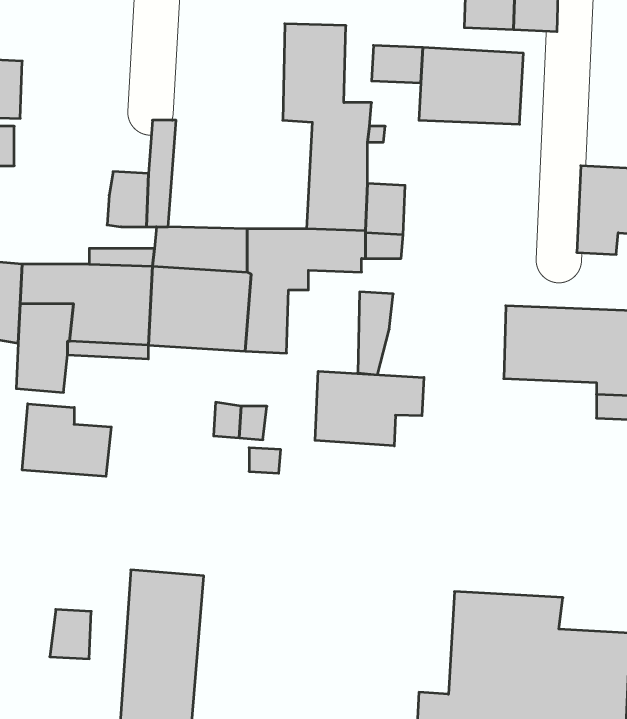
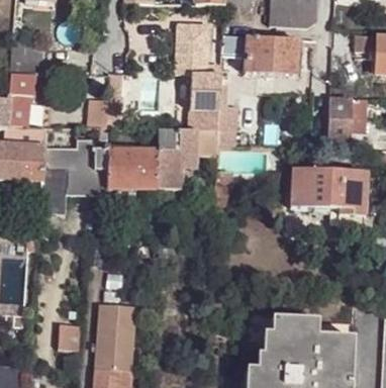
building: [315,371,424,446] -> none
building: [22,404,111,476] -> none

